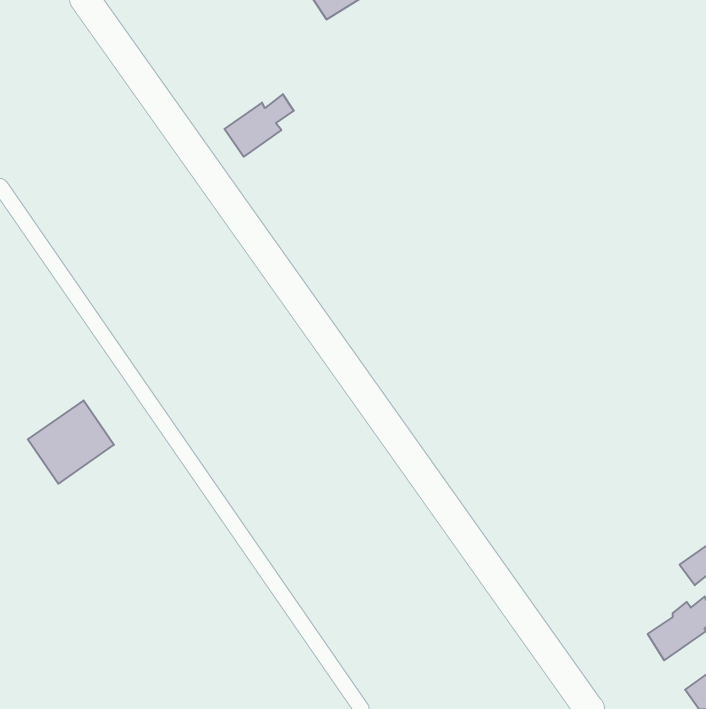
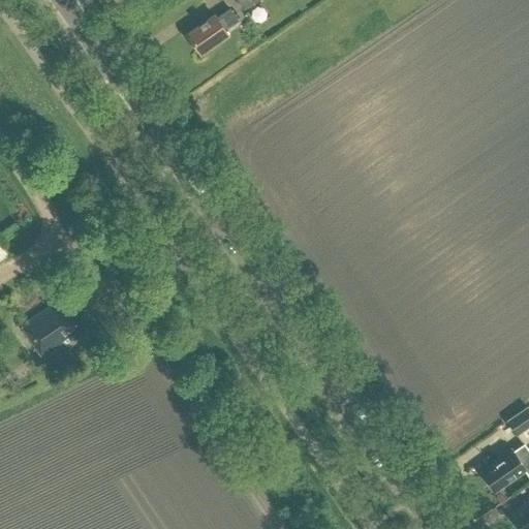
building: [224,94,294,157] -> [189,7,241,54]

